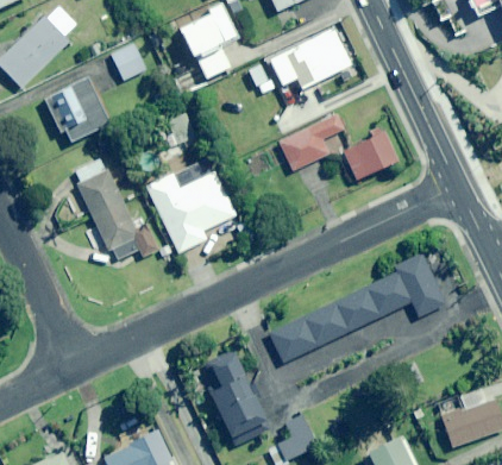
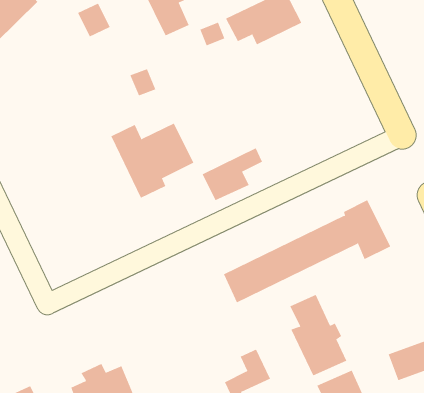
building: [51,78,111,142] -> none
building: [278,114,344,171] -> [202,147,263,201]
building: [330,131,397,181] -> none
building: [65,144,158,262] -> none
building: [205,351,266,439] -> [289,294,347,376]

